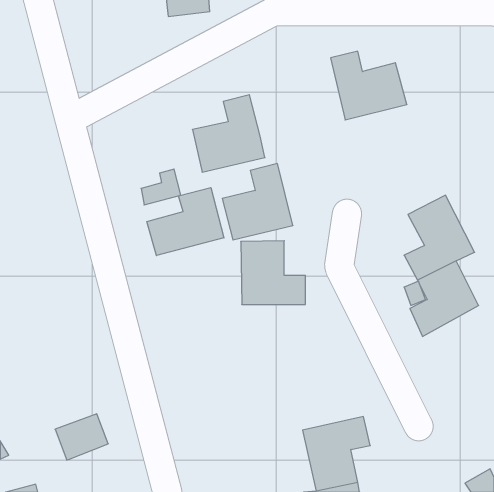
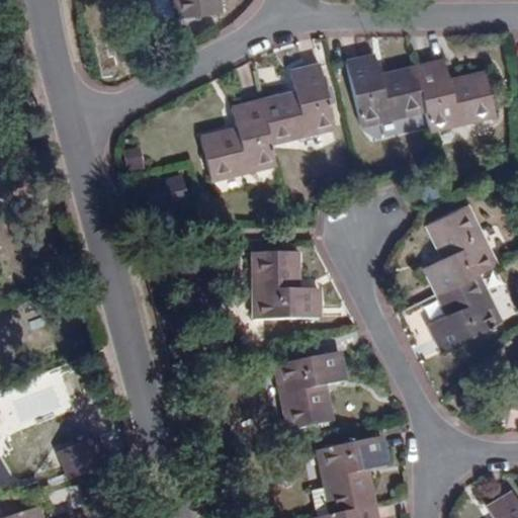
building: none -> [414,59,496,131]
building: [222,164,293,240] -> [261,63,335,143]
building: [147,188,224,256] -> none
building: none -> [275,352,345,430]

